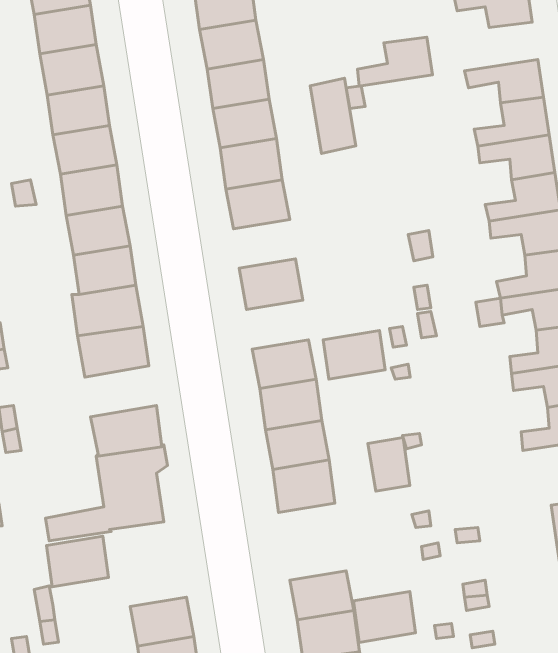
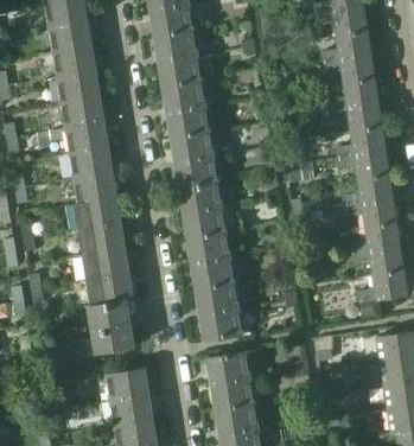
building: [357,37,433,86] -> [323,32,370,63]
building: [310,78,356,154] -> none
building: none -> [178,157,217,187]
building: [323,330,385,379] -> [186,208,225,238]
building: none -> [84,249,129,281]
building: [368,438,410,491] -> none
building: [47,536,109,587] -> [109,369,148,401]
building: [353,592,416,642] -> [210,352,249,384]

